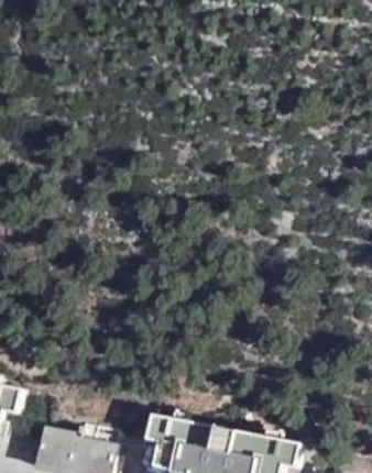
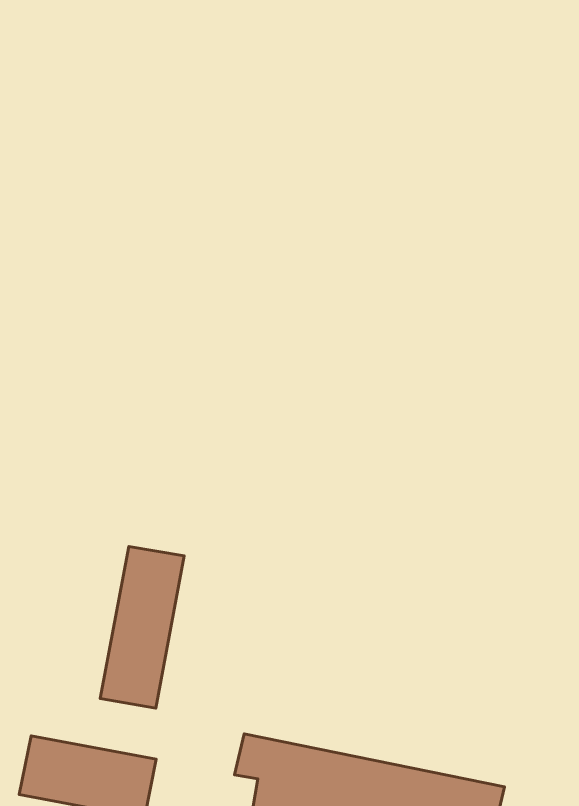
building: none -> [100,546,184,708]

